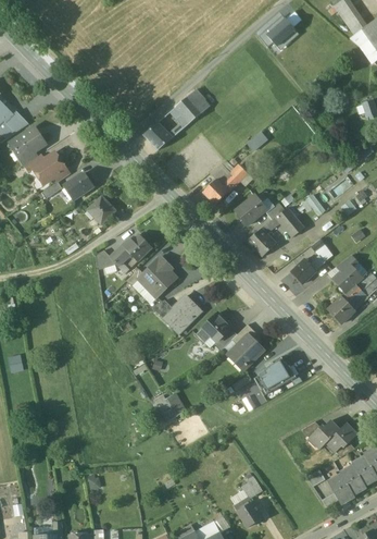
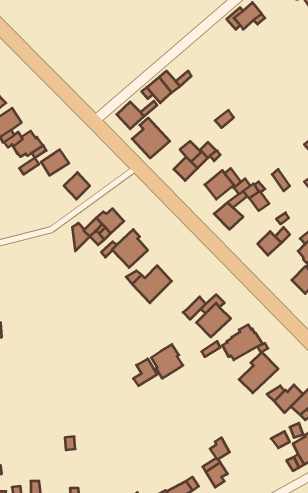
building: none -> [132,118,170,158]
building: [196,311,231,342] -> none
building: none -> [151,344,183,378]
building: none -> [239,352,278,393]

